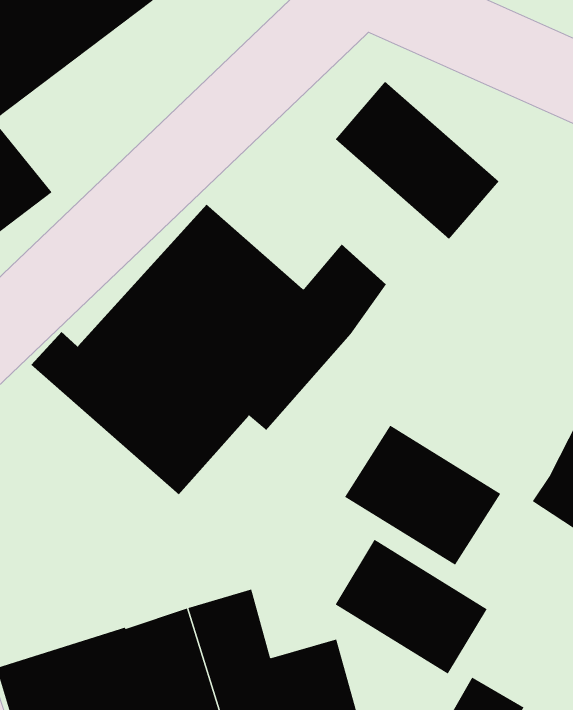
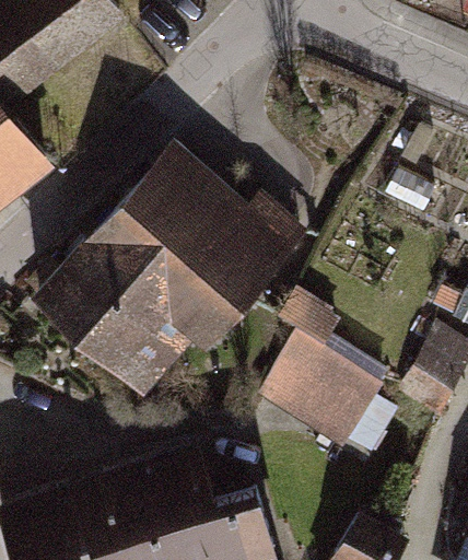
building: [335,81,499,240] -> none
building: [335,539,488,675] -> none

